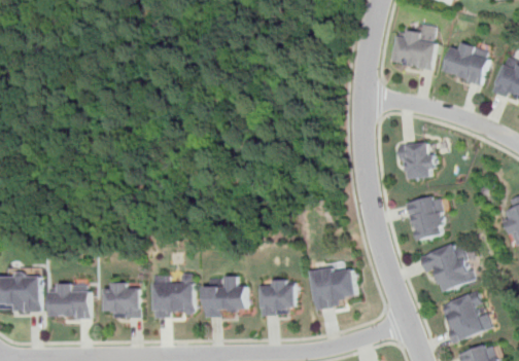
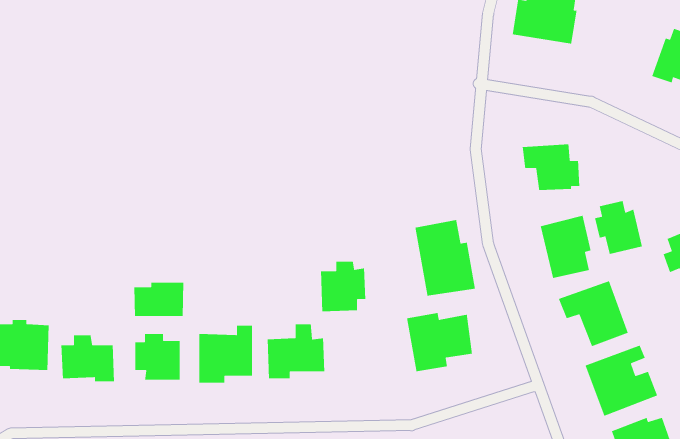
building: [437,42,488,84] -> none
building: none -> [594,200,643,255]
building: none -> [415,219,476,297]
building: none -> [134,282,184,317]
building: [262,278,296,316] -> [320,261,366,312]

